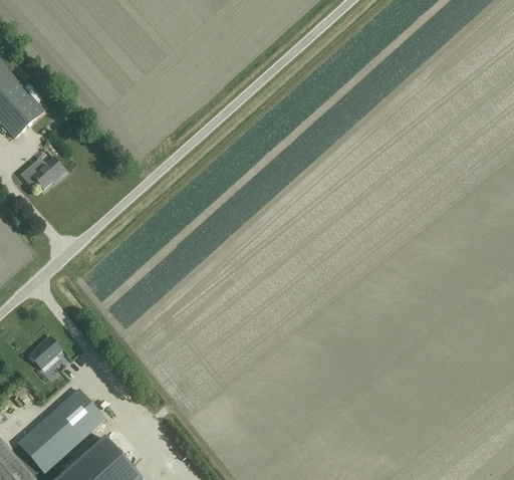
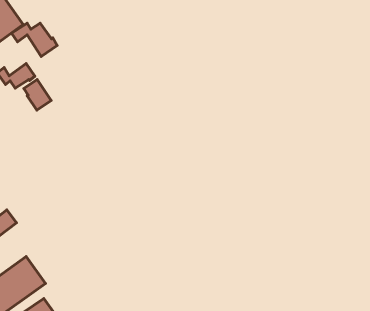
building: none -> [11,23,57,56]
building: none -> [24,80,51,110]

